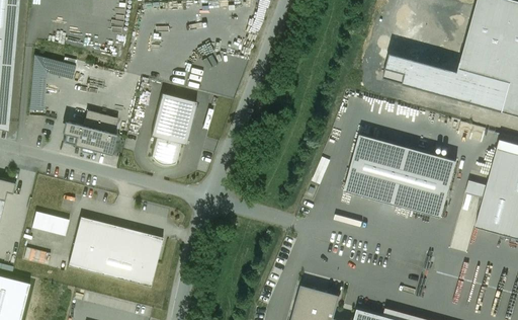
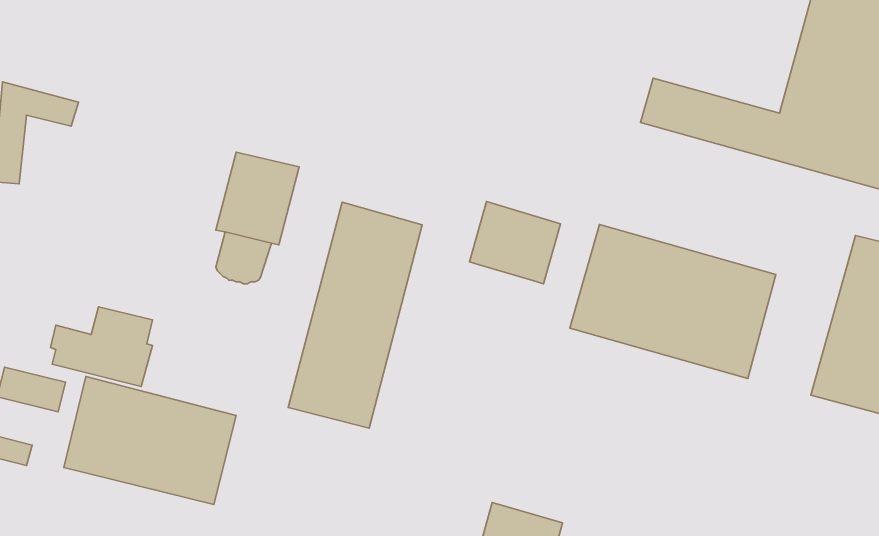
building: [62,110,117,154] -> [50,307,152,386]
building: none -> [469,202,560,284]
building: none -> [288,202,422,428]

